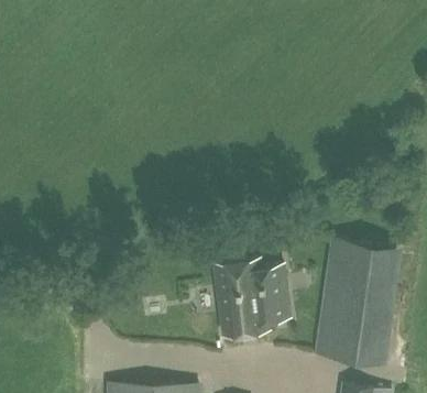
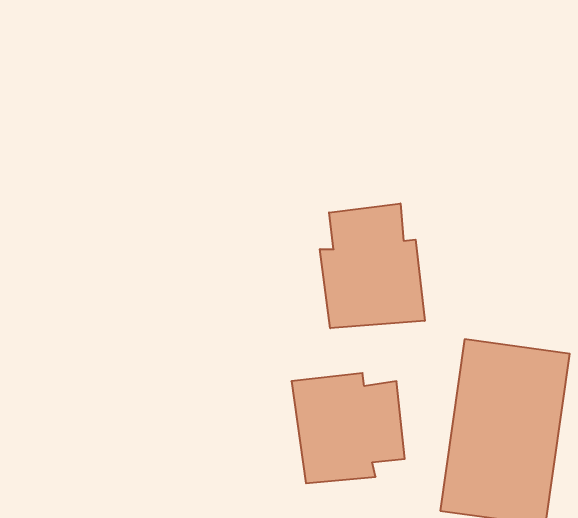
building: none -> [320,203,425,328]

